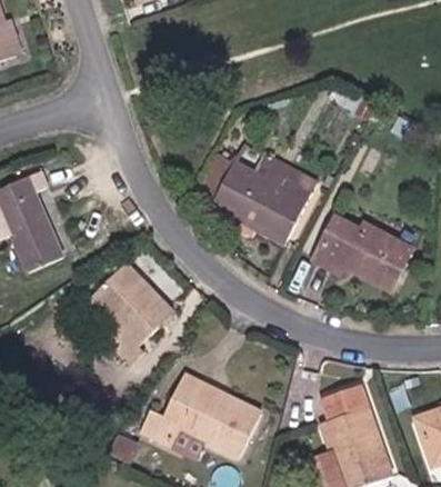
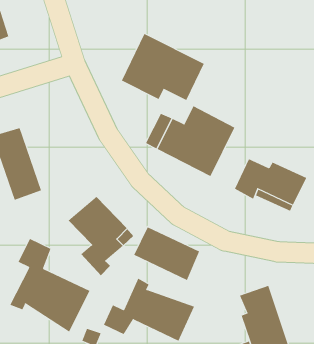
building: none -> [121,33,204,101]
building: none -> [134,226,200,281]
building: none -> [10,238,90,332]

